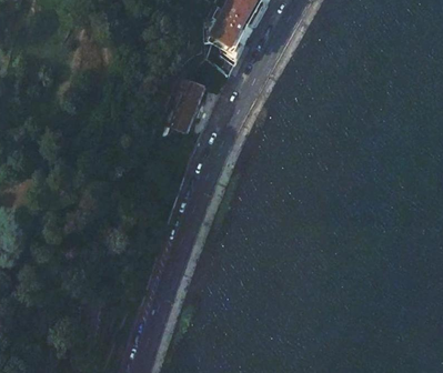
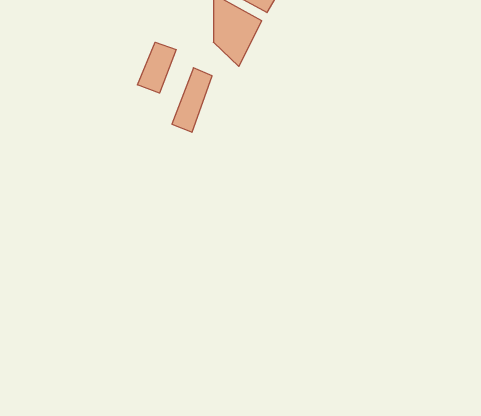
building: none -> [137,42,176,93]

